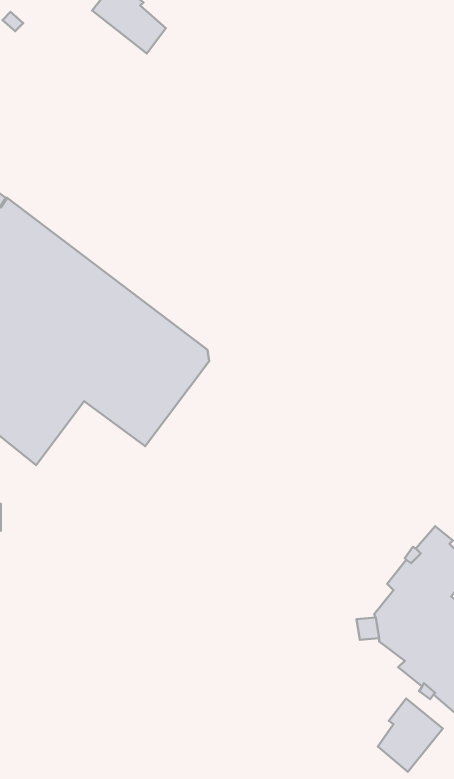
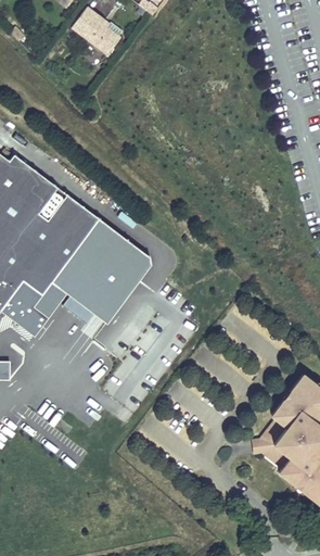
building: [378,699,443,772] -> none

